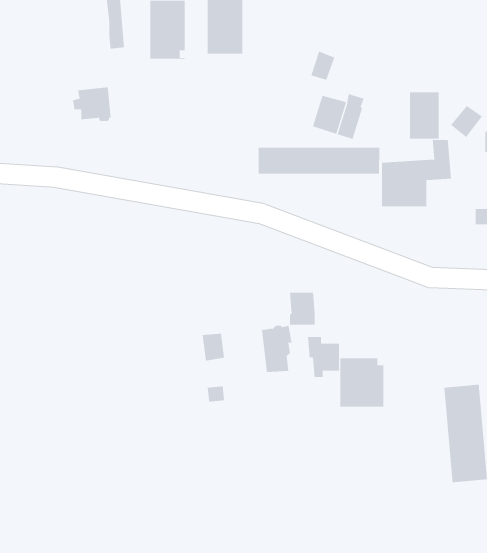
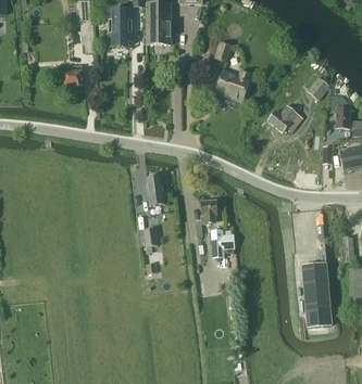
building: [409,91,439,139] -> none
building: [258,147,380,174] -> none
building: [261,325,292,373] -> [146,174,166,205]
building: [340,357,384,407] -> none

